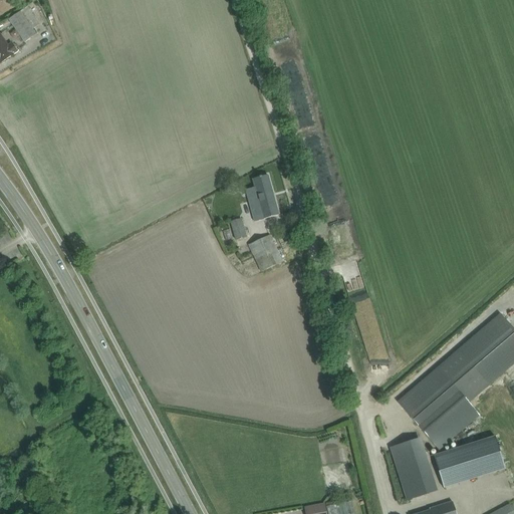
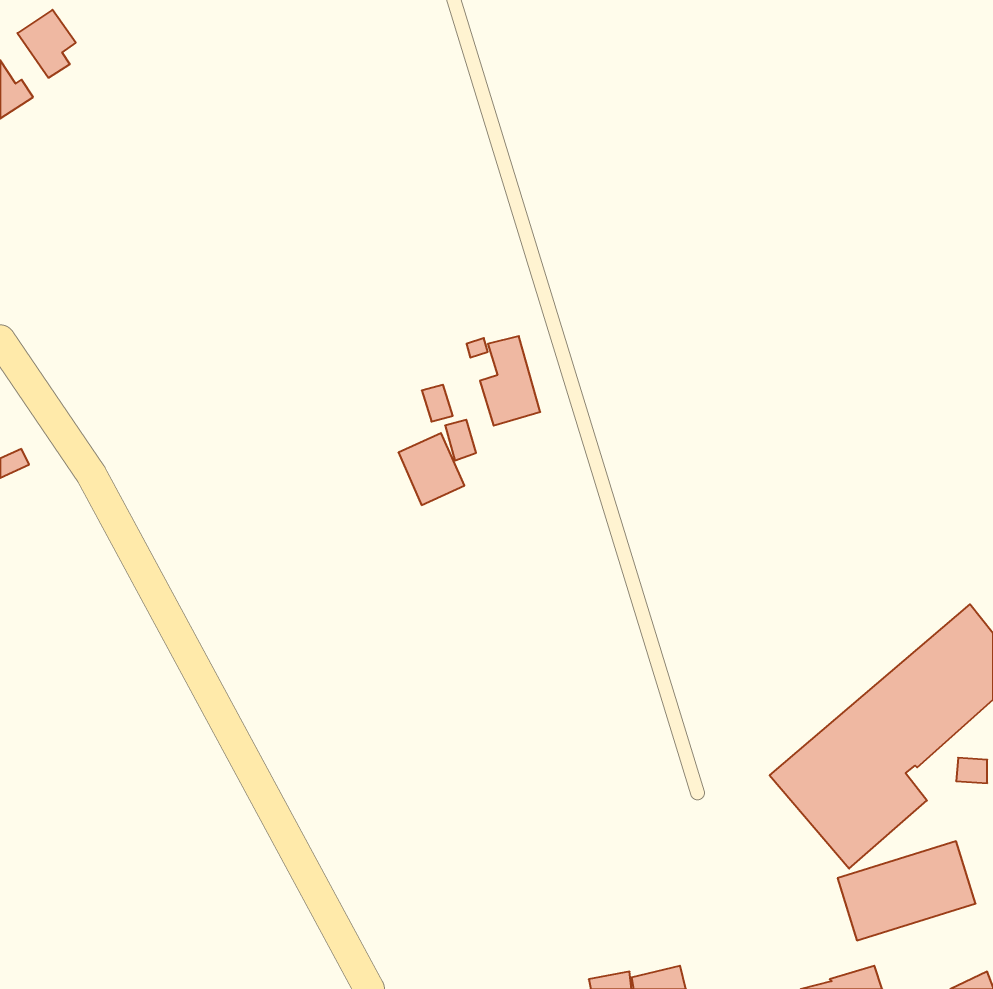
building: [248,233,282,270] -> [398,433,464,505]
building: [391,439,429,499] -> none

